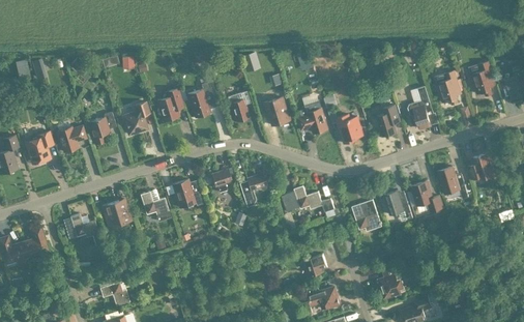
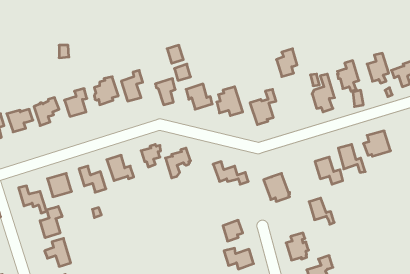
building: [377,105,401,137] -> [276,49,297,77]
building: [384,191,413,221] -> [309,198,334,224]
building: none -> [40,206,62,238]

